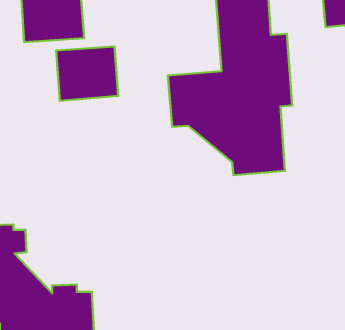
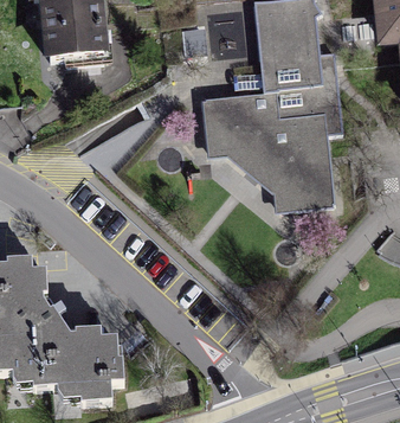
building: [56,46,118,101] -> none

